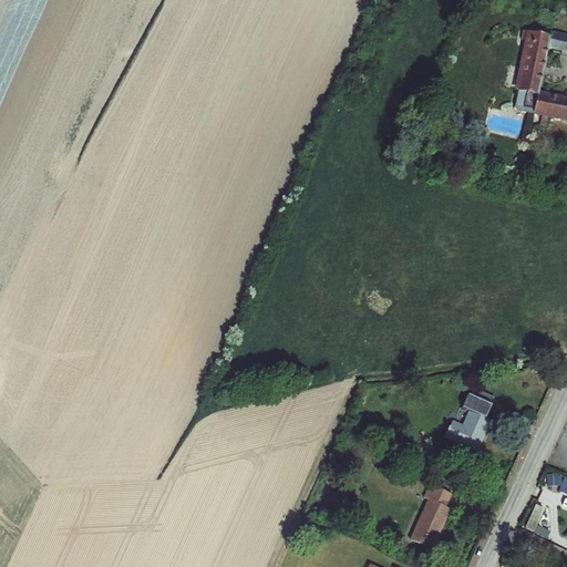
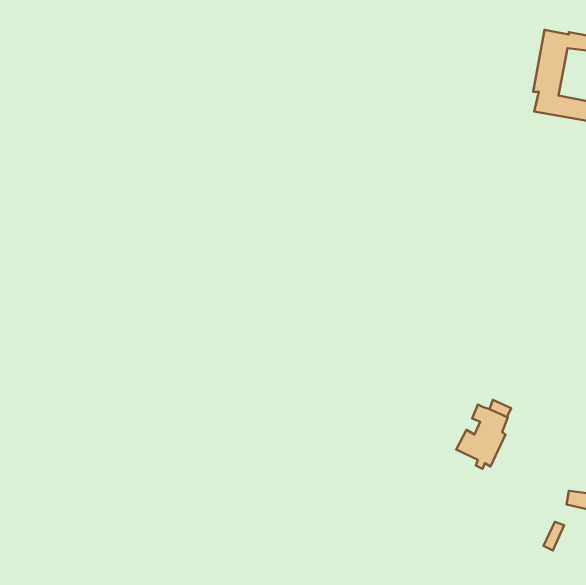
building: [415,488,450,539] -> none

